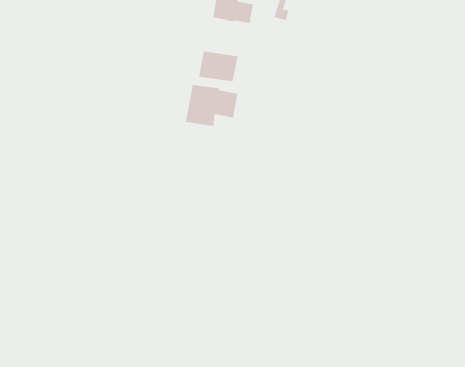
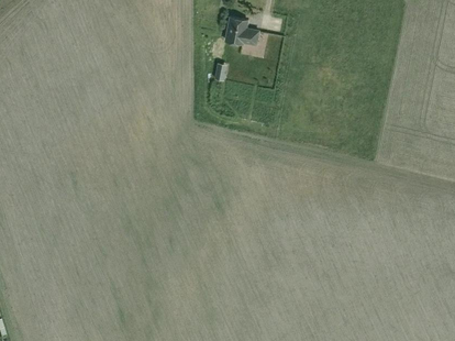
building: [185,84,238,127] -> none

